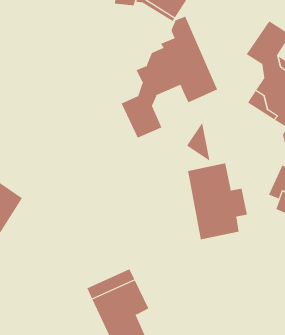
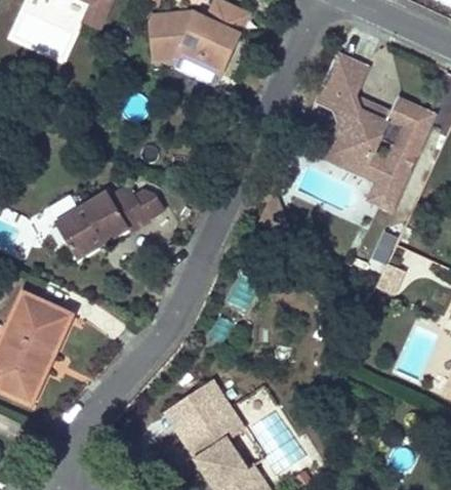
building: [121,16,218,139] -> none
building: none -> [54,185,163,257]
building: [188,163,247,240] -> none

